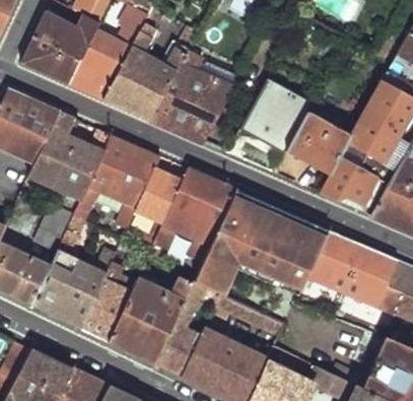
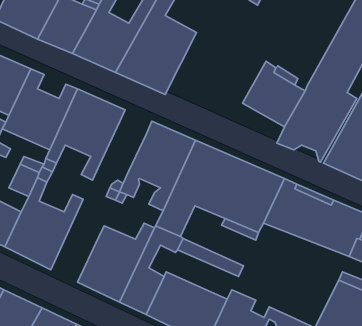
building: [239,80,311,153] -> none
building: [135,171,182,222] -> none
building: [80,260,131,341] -> none

